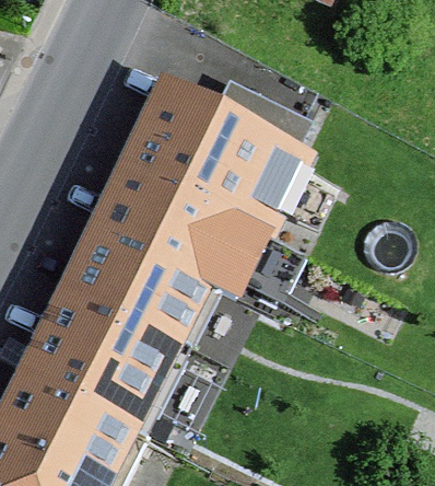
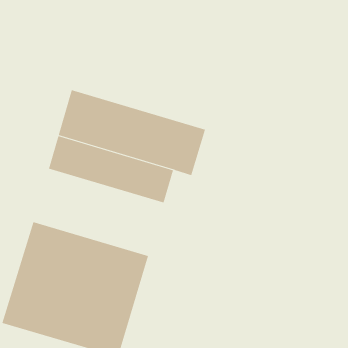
building: [131,79,297,195] -> none
building: [71,211,210,317] -> none

